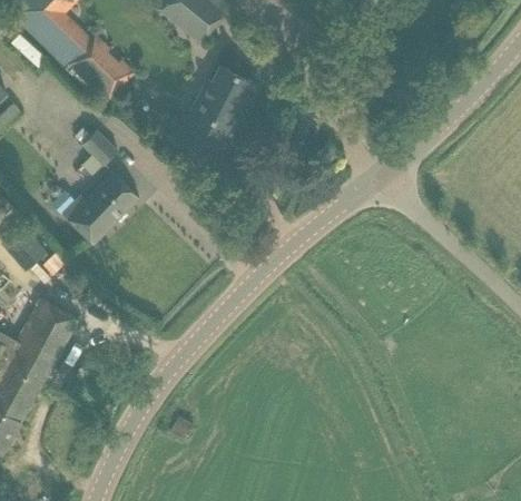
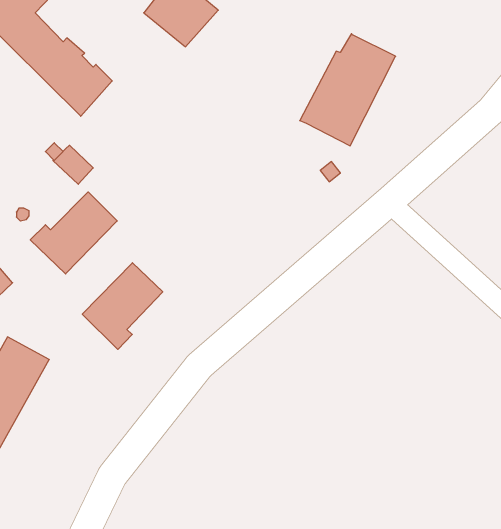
building: [173,65,257,164] -> [300,34,396,146]
building: none -> [82,263,163,349]

